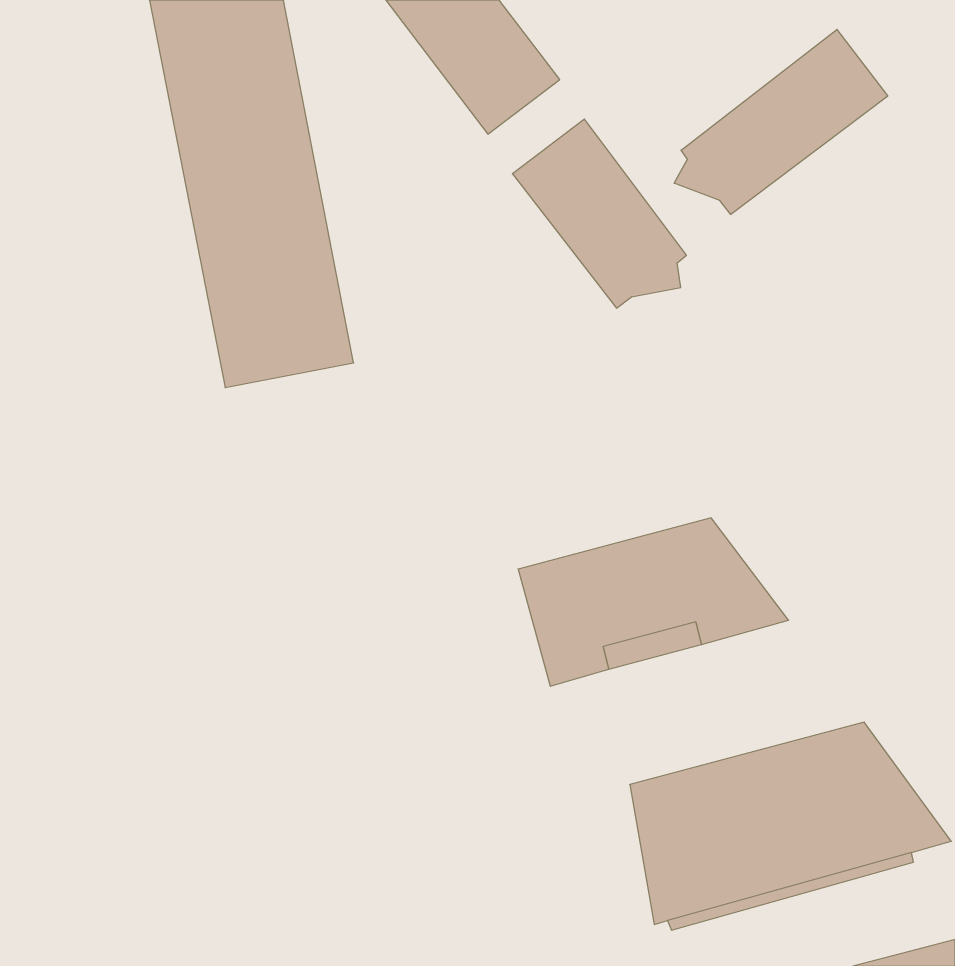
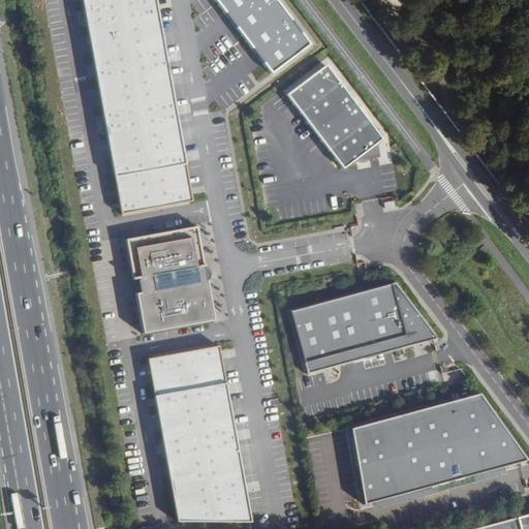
building: [674,29,888,214] -> none
building: none -> [127,223,217,331]
building: none -> [151,343,255,520]

